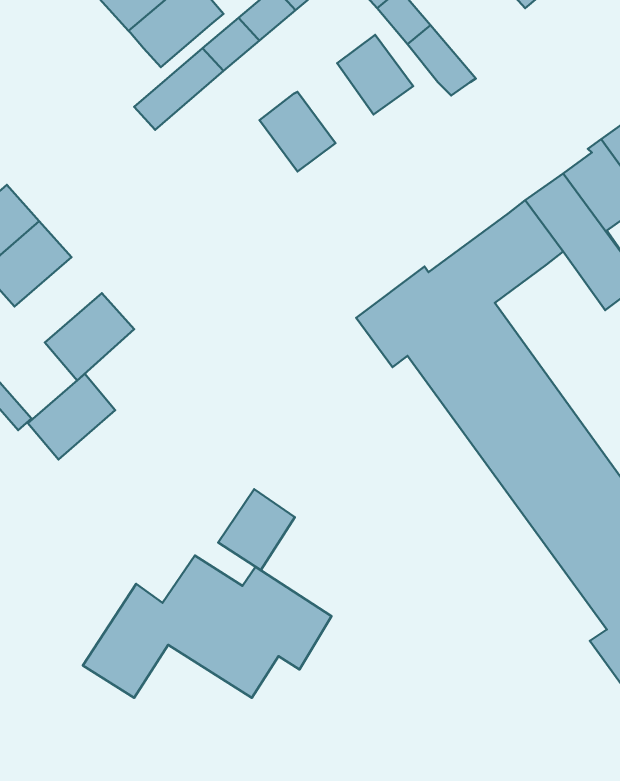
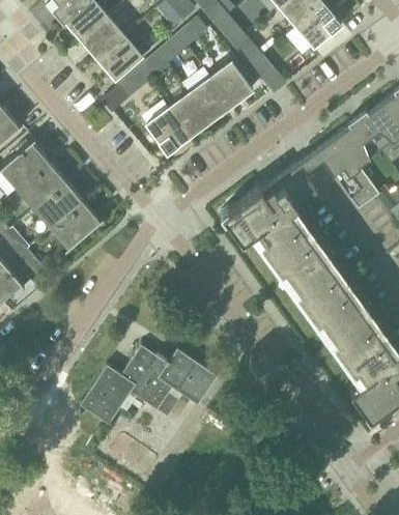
building: none -> [182,77,232,120]
building: none -> [148,108,191,151]
building: [28,374,115,459] -> [36,182,84,229]
building: [218,489,295,570] -> none

